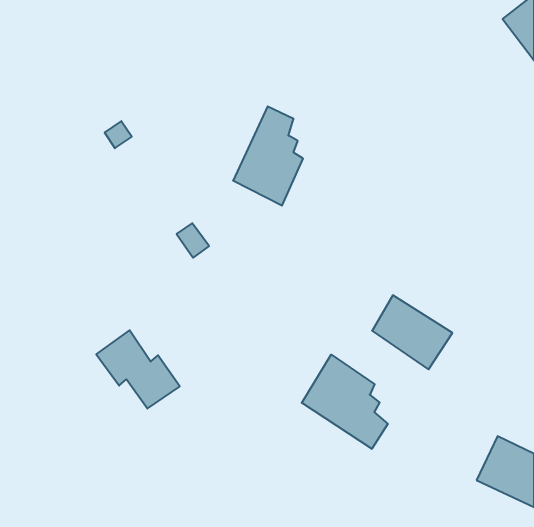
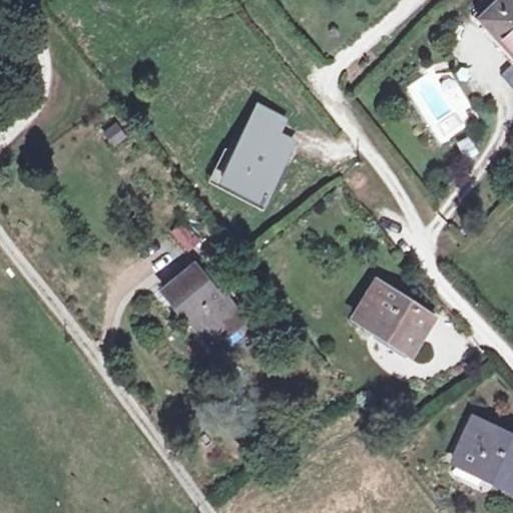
building: [96,330,180,409] -> [166,269,246,344]
building: [302,355,388,449] -> none

